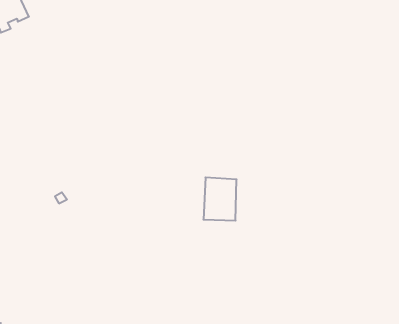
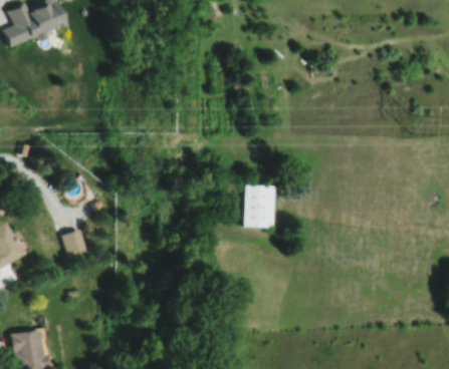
building: none -> [62,230,88,257]

